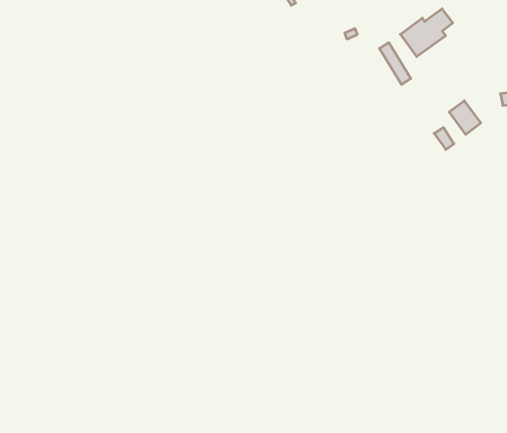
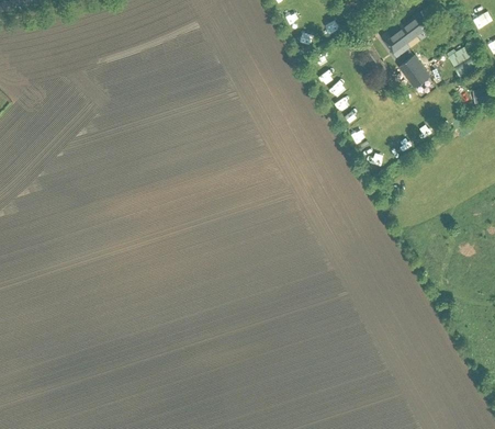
building: [449,101,481,134] -> [400,56,429,88]

